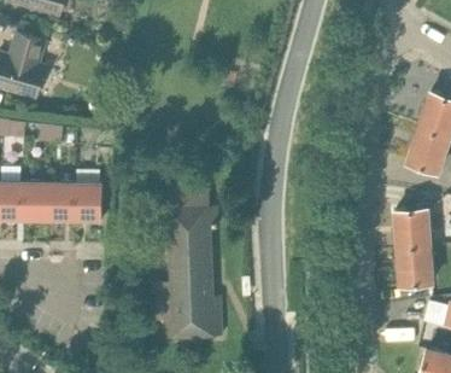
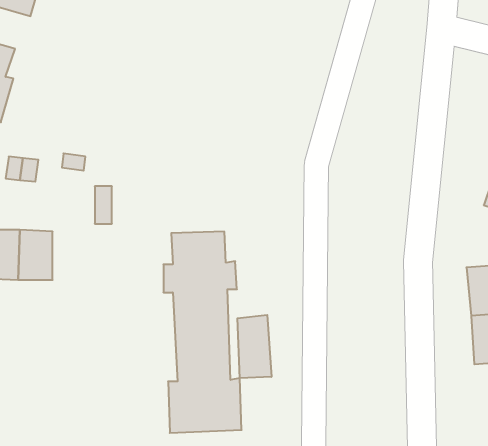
building: [75,182,102,220] -> none
building: none -> [237,315,271,378]

